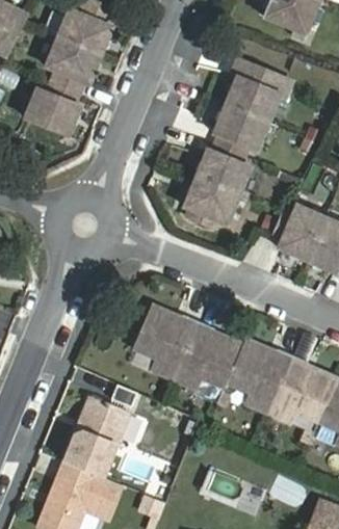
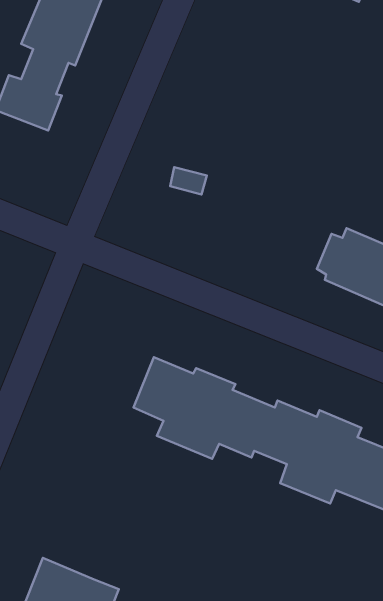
building: [185,60,291,227] -> none
building: [62,395,129,477] -> none

